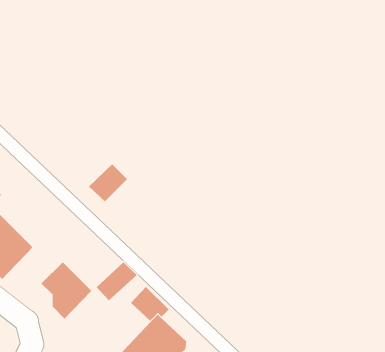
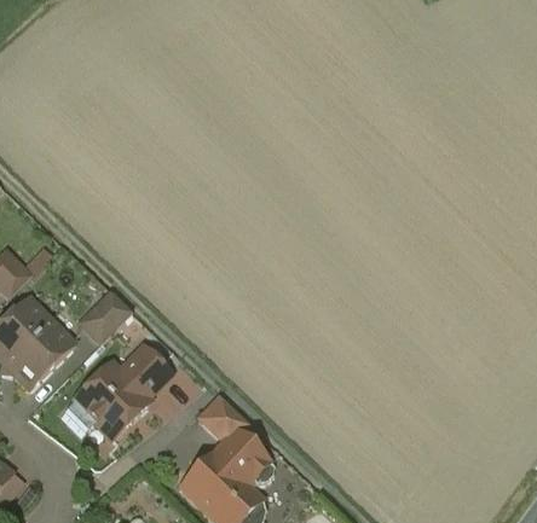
building: [88,163,128,202] -> [80,291,132,342]
building: none -> [120,347,169,397]
building: none -> [64,391,96,431]

